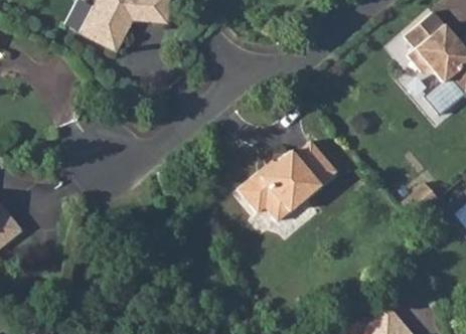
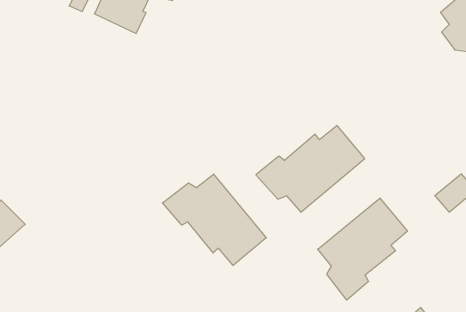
building: none -> [162,174,266,265]
building: none -> [318,198,407,300]

